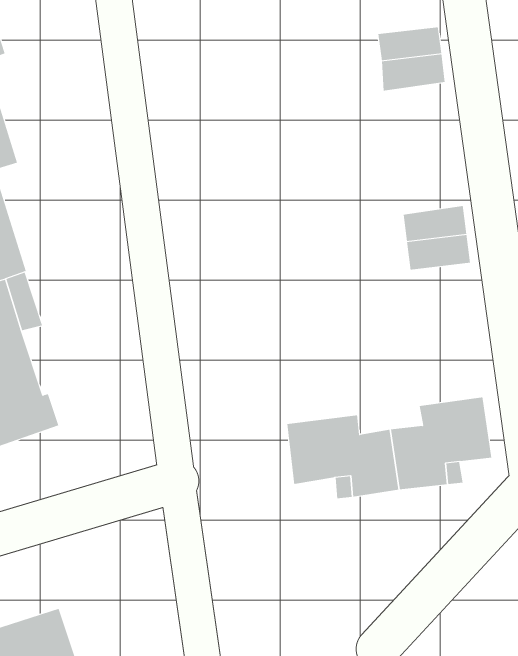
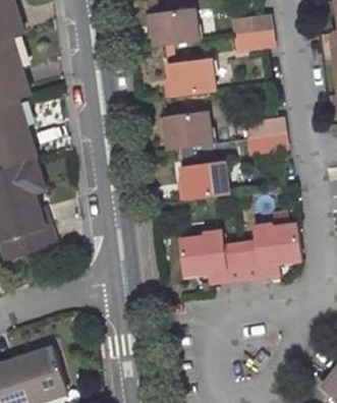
building: none -> [152,10,200,46]
building: none -> [168,60,215,97]
building: none -> [165,113,213,150]
building: none -> [181,163,228,198]

